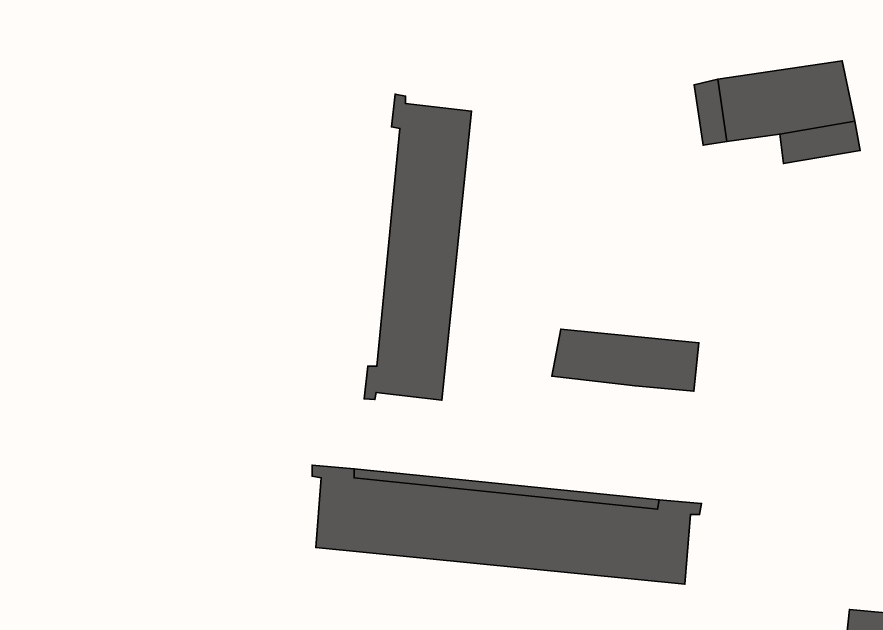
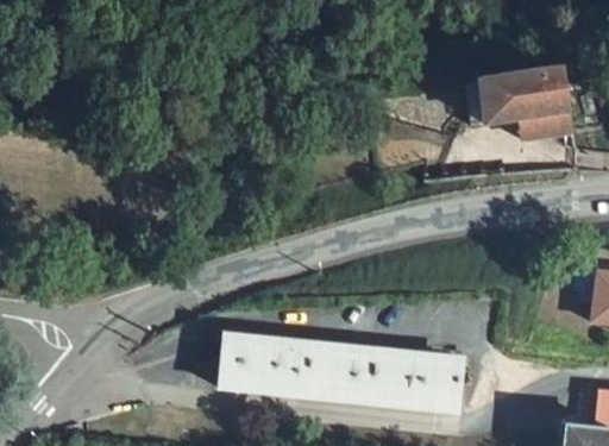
building: [364,94,471,400] -> none
building: [552,329,699,391] -> none

